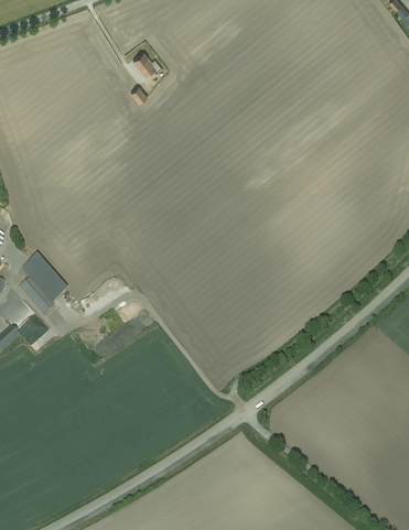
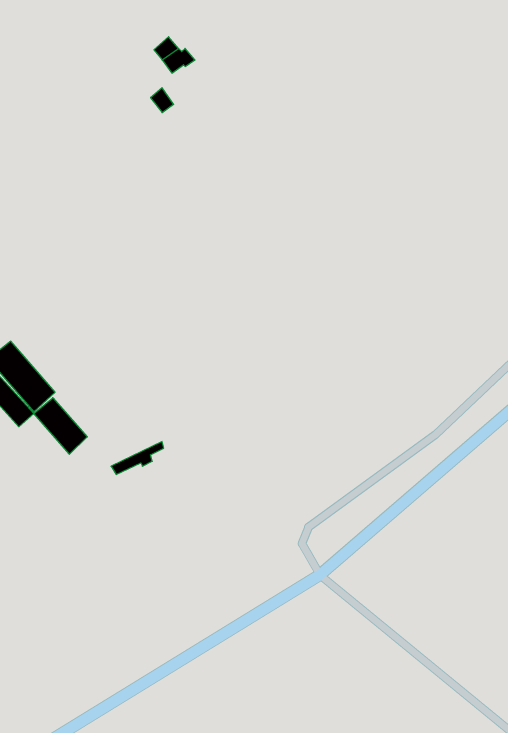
building: none -> [34,398,87,454]

